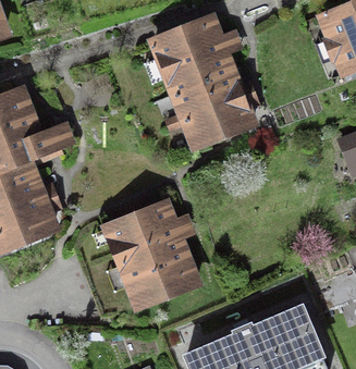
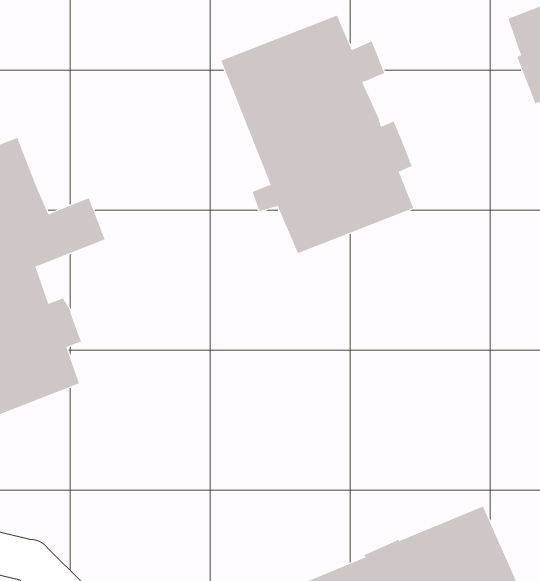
building: [98,197,204,315] -> none

